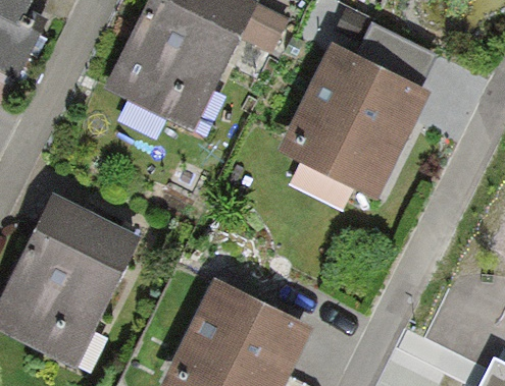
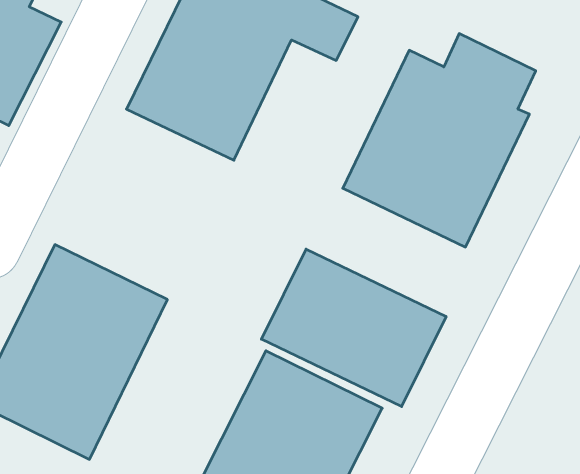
building: none -> [261,249,446,407]

